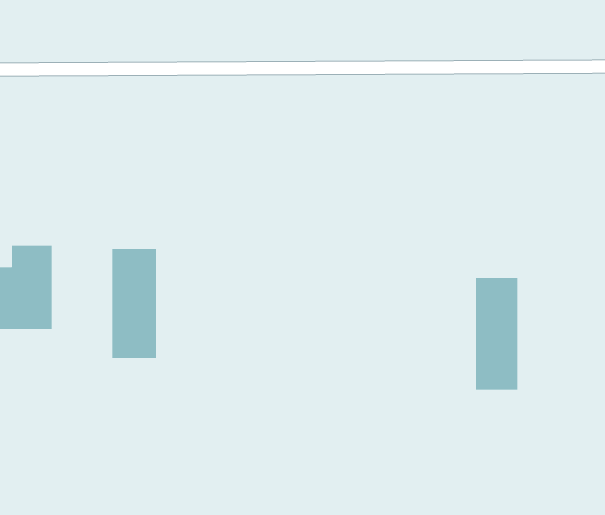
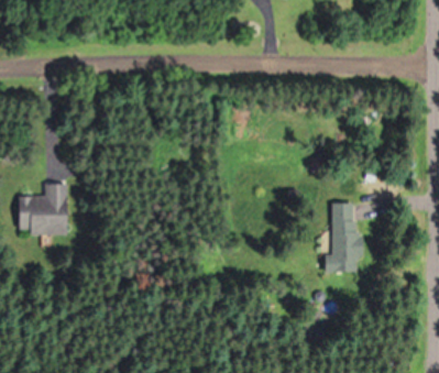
building: [112,248,156,359] -> none

